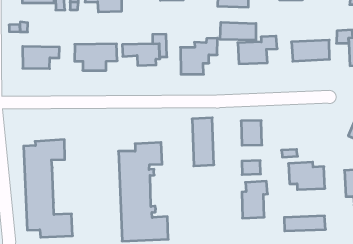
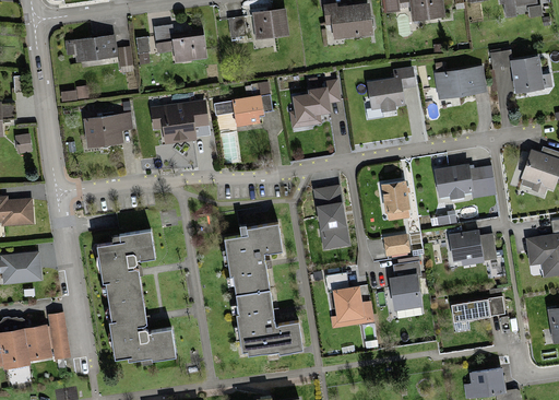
building: [220,22,256,40] -> none
building: none -> [431,162,489,204]
building: none -> [324,271,374,327]

